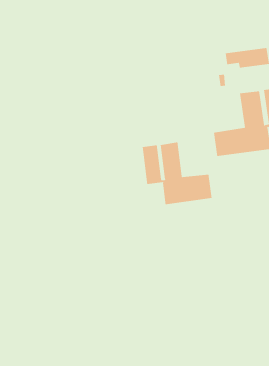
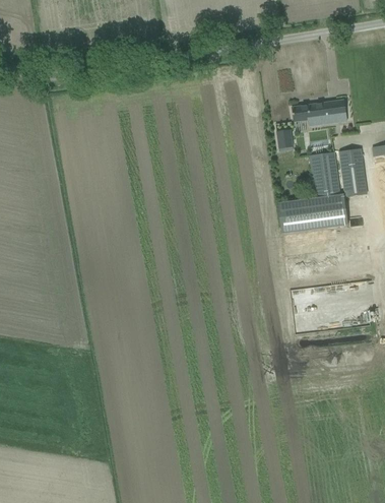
building: [142,142,212,205] -> none

